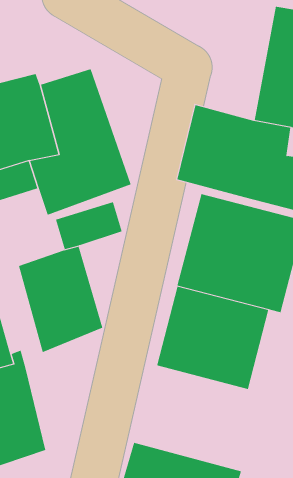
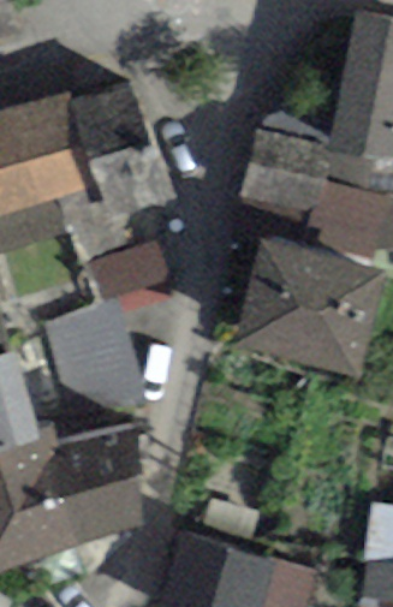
building: [157,286,269,390] -> none
building: none -> [54,421,143,543]

